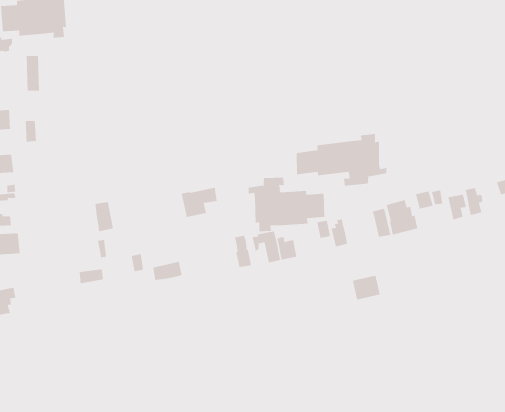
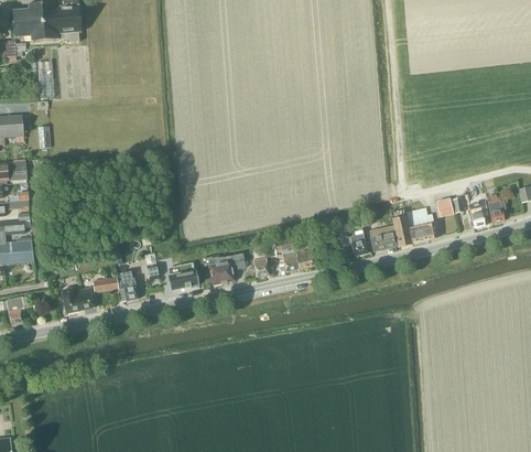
building: [296,133,387,186] -> none
building: [248,177,325,232] -> none
building: [181,187,218,217] -> [207,252,245,283]
building: [94,202,114,232] -> [118,270,138,301]
building: [352,275,380,300] -> [369,225,398,250]
building: none -> [61,286,95,312]

